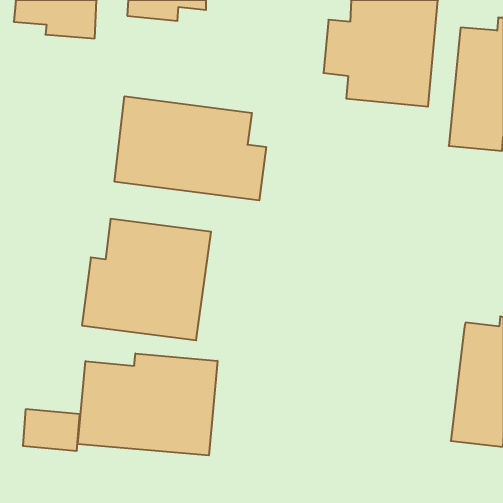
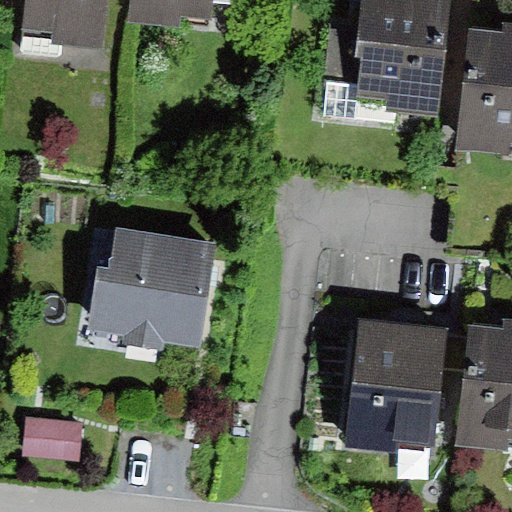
building: [115,96,266,200] -> none
building: none -> [347,319,472,453]
building: [78,353,217,455] -> none

